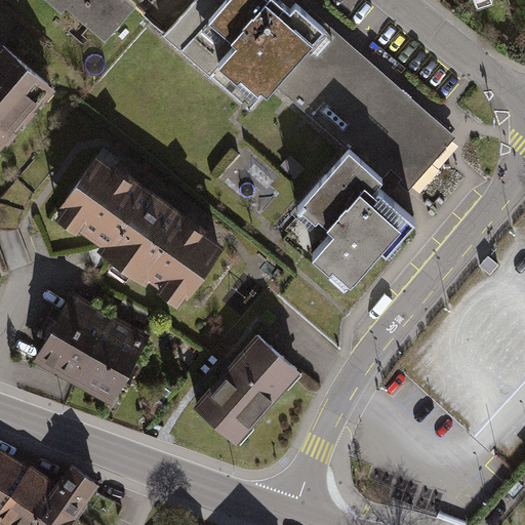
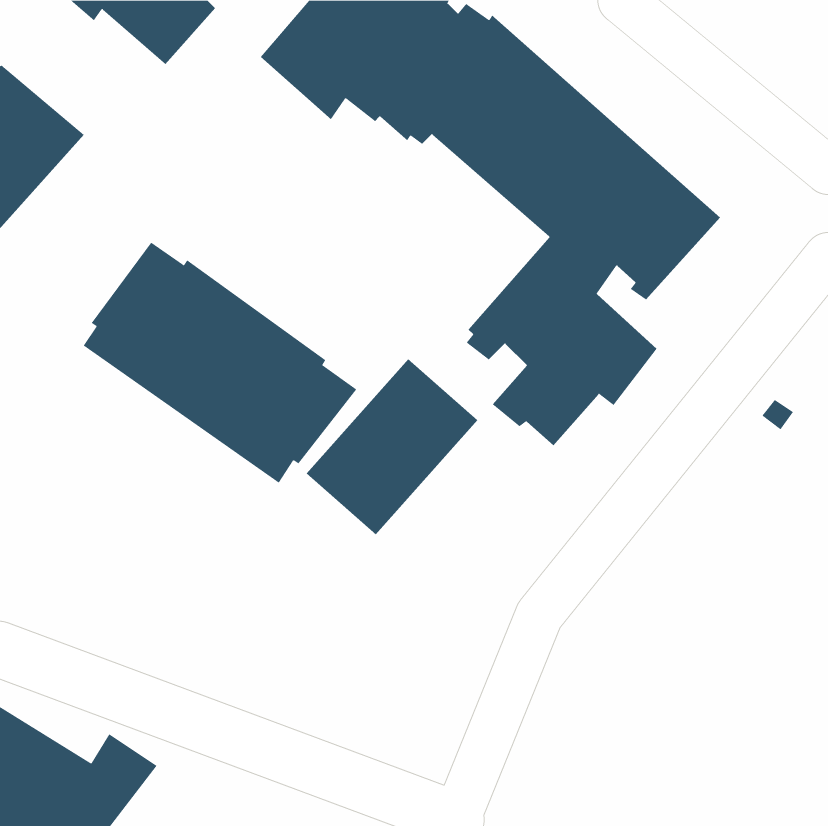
building: [32,289,149,403] -> none
building: [192,334,300,446] -> [306,358,478,535]

